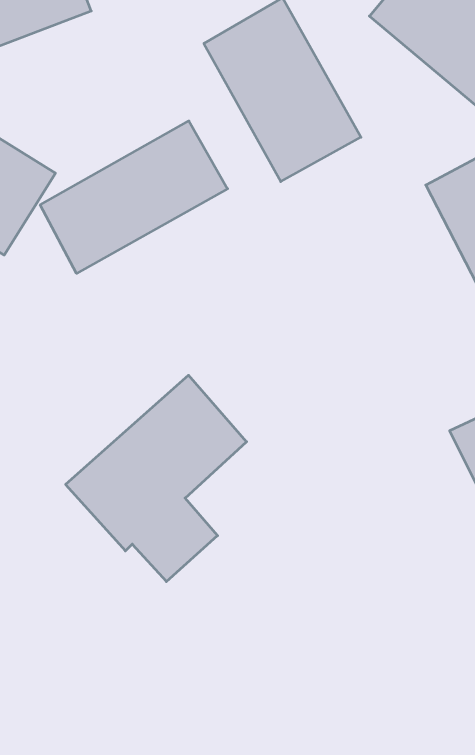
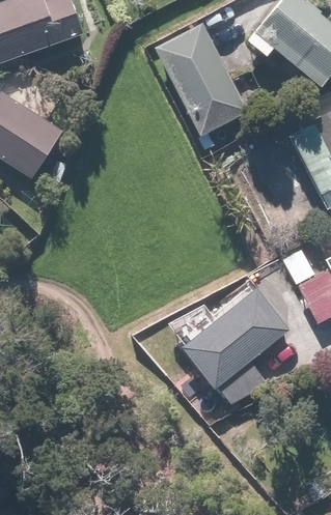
building: [40,121,228,273] -> none
building: [66,375,247,582] -> [177,283,287,408]

